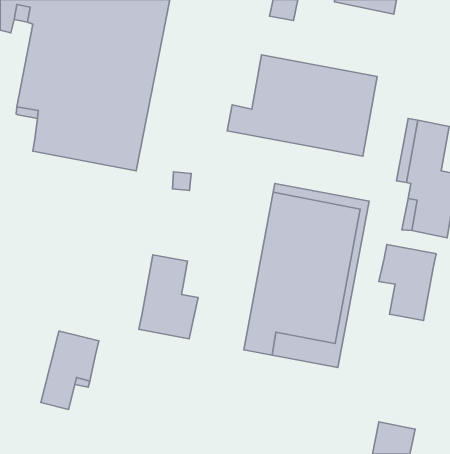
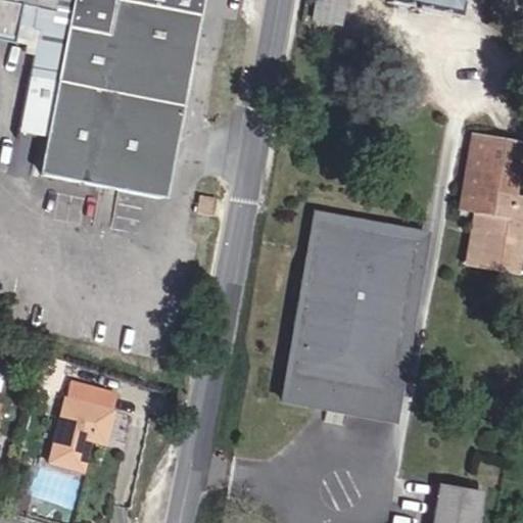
building: [227,55,377,156] -> none
building: [379,244,436,320] -> none
building: [139,255,198,339] -> none

